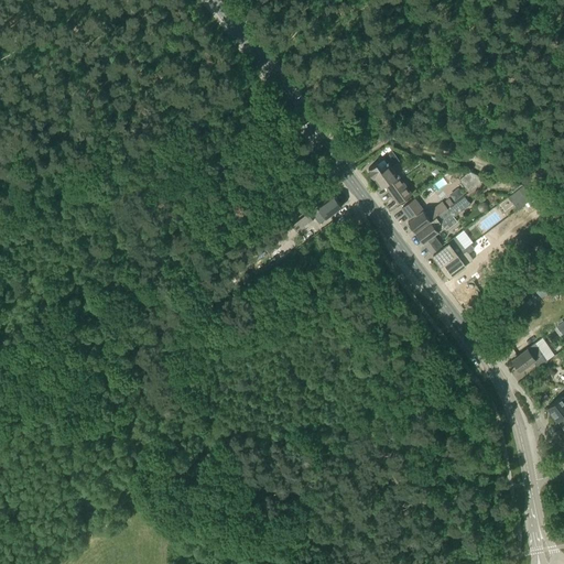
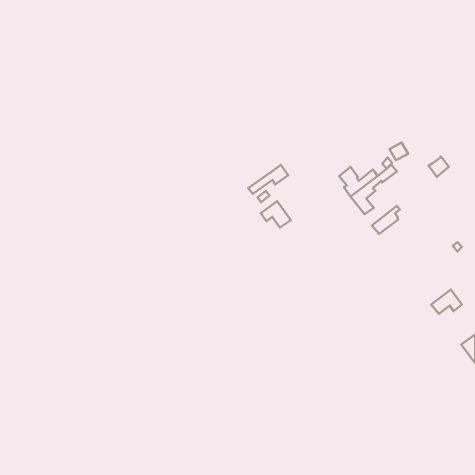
building: [368,158,412,205] -> none
building: [433,236,465,268] -> none
building: none -> [261,201,291,227]

